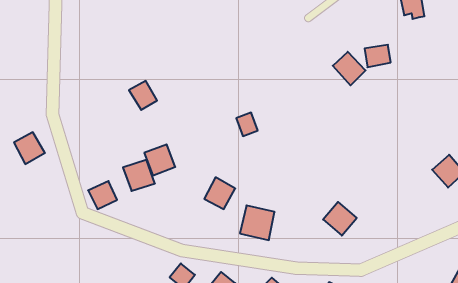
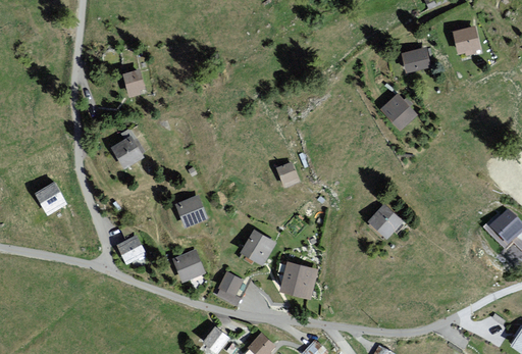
building: none -> [120,68,145,96]
building: [365,45,391,67] -> [401,50,429,74]
building: [129,81,157,110] -> [111,136,142,167]
building: [123,160,155,191] -> [170,249,205,283]
building: [323,202,357,236] -> [365,203,402,240]
building: none -> [216,271,248,304]

